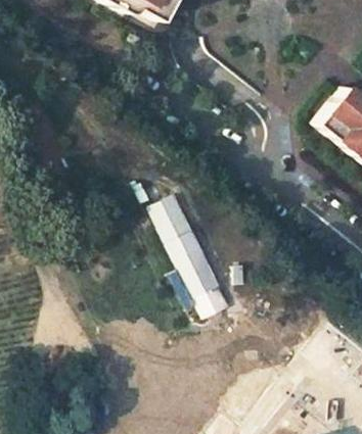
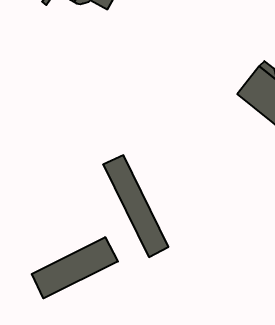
building: none -> [32,237,118,298]

